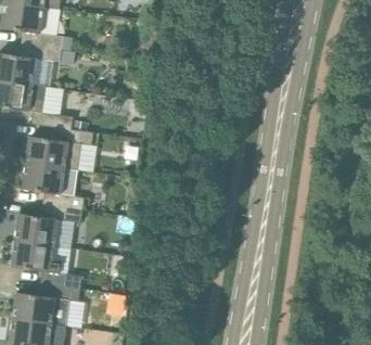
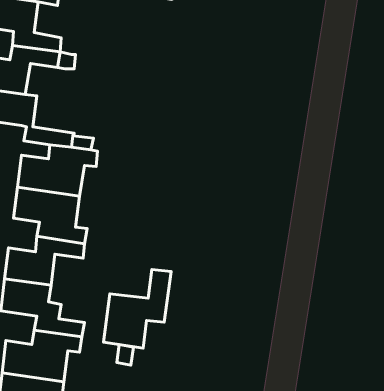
building: none -> [104,269,171,348]

